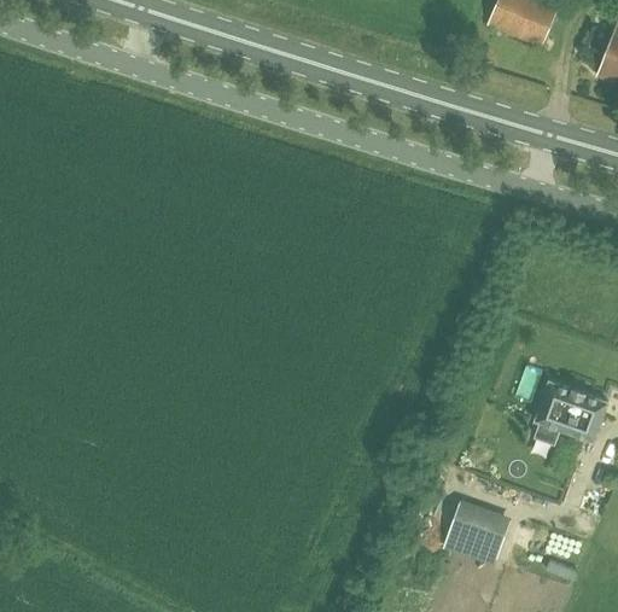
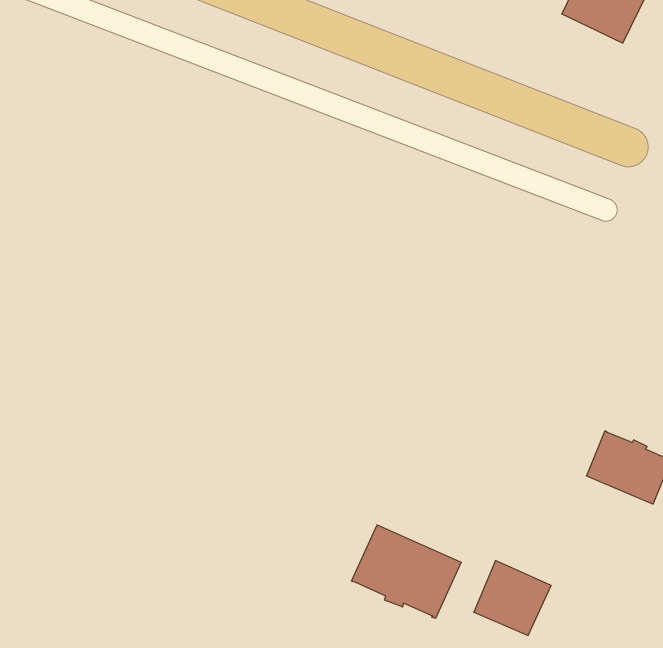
building: none -> [351,525,461,618]

